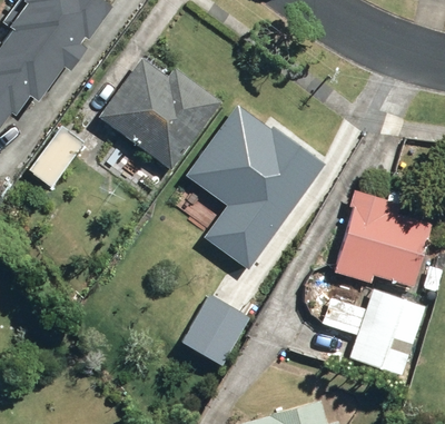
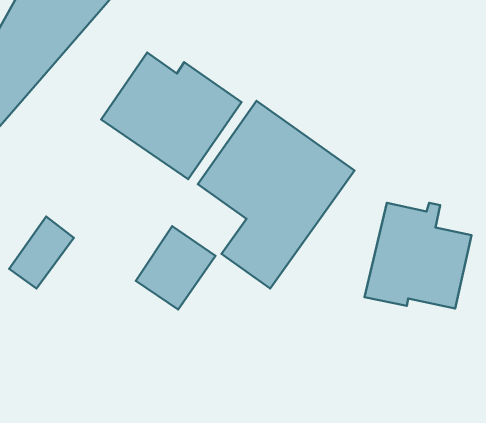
building: [29,124,87,188] -> [9,217,74,289]
building: [319,289,425,375] -> none
building: [180,295,251,369] -> [136,226,216,309]

